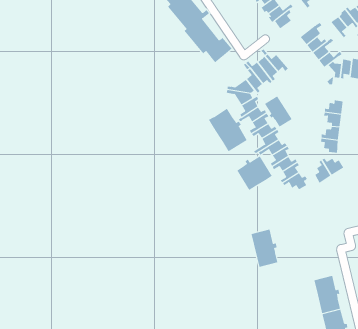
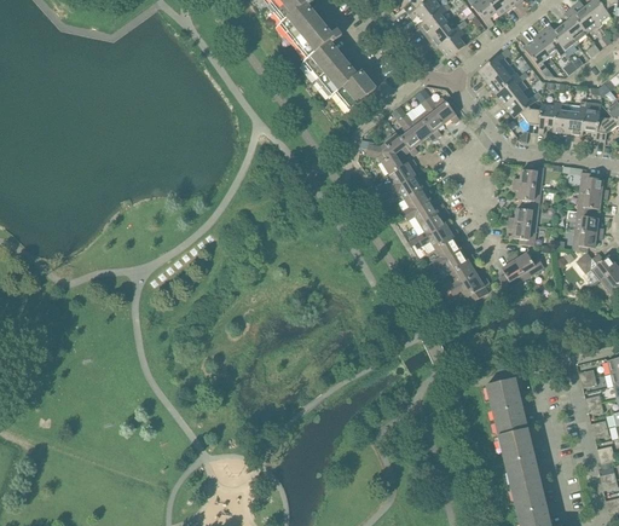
building: [264,96,292,127] -> none
building: [208,107,248,152] -> none
building: [236,155,273,191] -> none
building: [251,229,278,267] -> [486,376,527,434]

